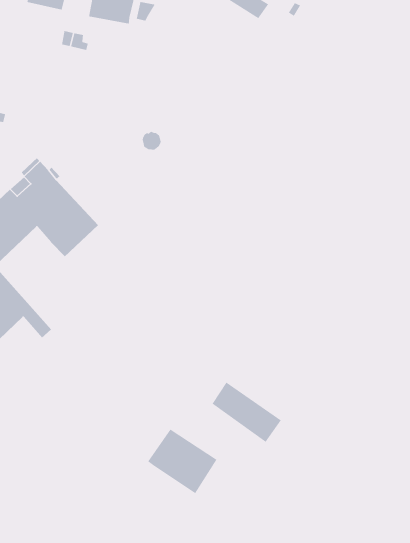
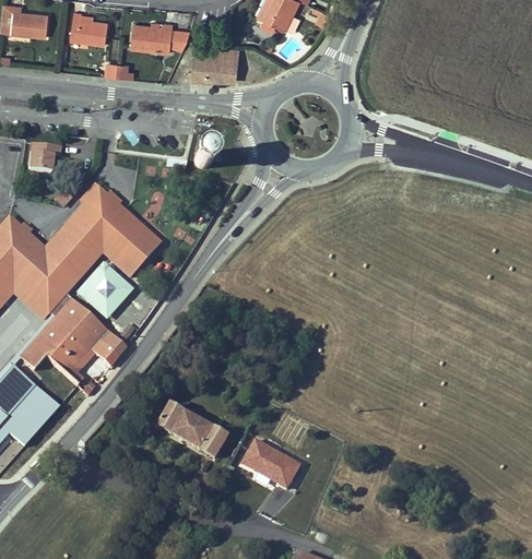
building: none -> [194,49,240,83]
building: none -> [78,269,129,319]
building: [211,381,282,443] -> [159,404,228,459]

